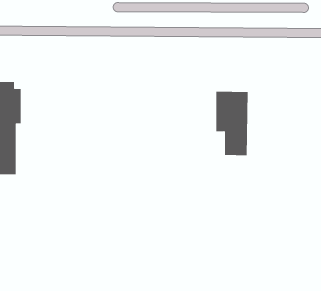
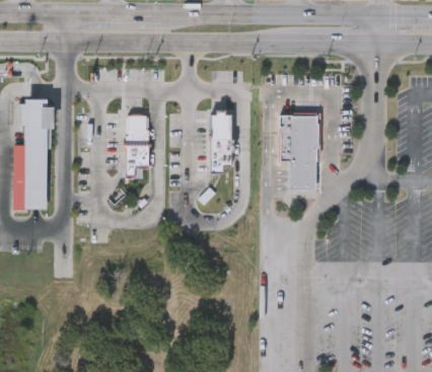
building: none -> [207,115,229,177]
building: none -> [124,118,151,182]

